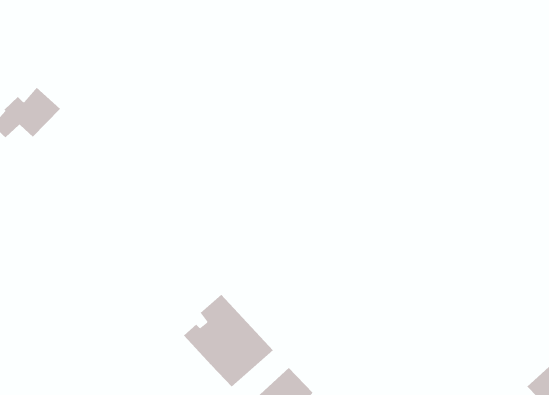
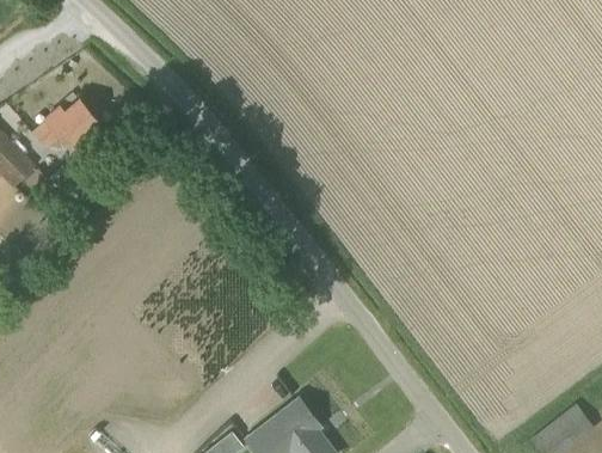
building: [183,294,274,387] -> none

